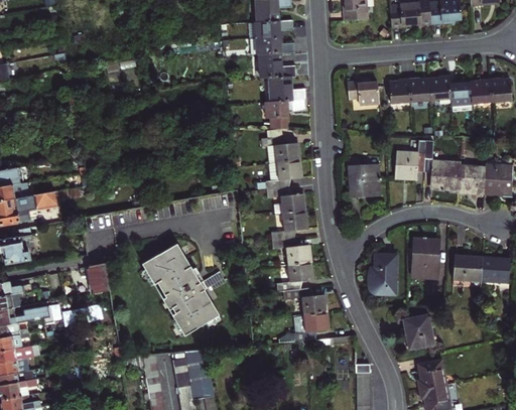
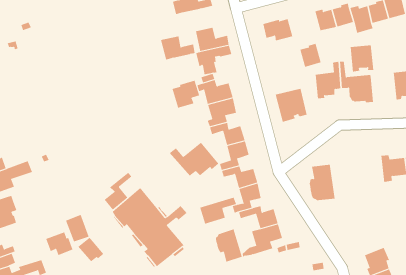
building: [258,53,295,79] -> [160,36,195,60]
building: [388,79,410,104] -> [300,43,321,67]
building: none -> [172,80,200,109]
building: [458,164,485,195] -> [350,45,374,72]
building: none -> [169,142,219,176]
building: none -> [104,172,132,211]
building: [411,238,439,280] -> none
building: none -> [199,197,237,224]
building: none -> [46,231,73,256]
building: none -> [77,237,104,262]
building: none -> [215,229,242,262]
building: [402,314,434,350] -> none

